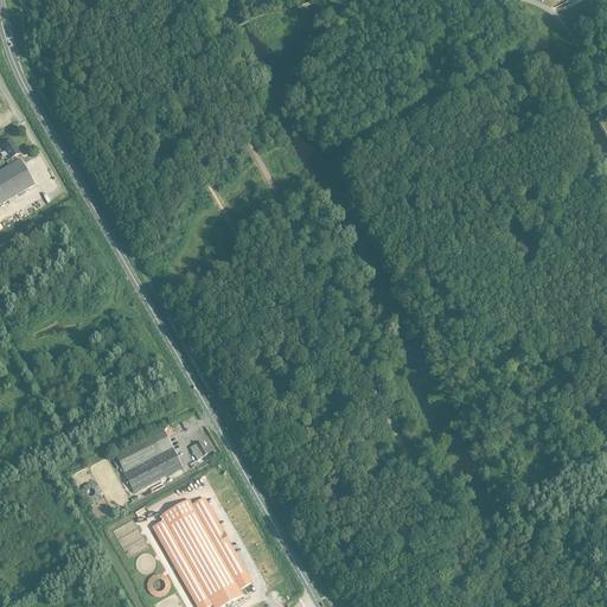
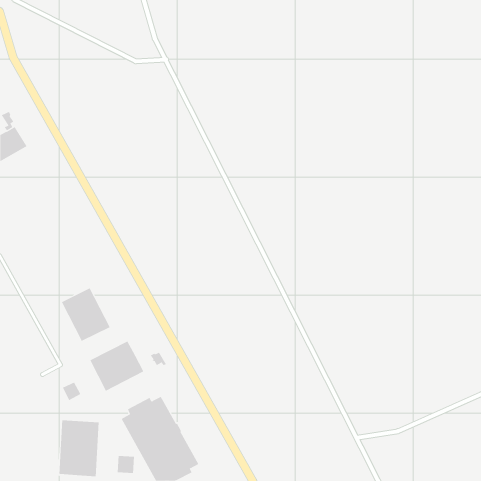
building: none -> [61,287,110,342]
building: none -> [59,420,99,477]

